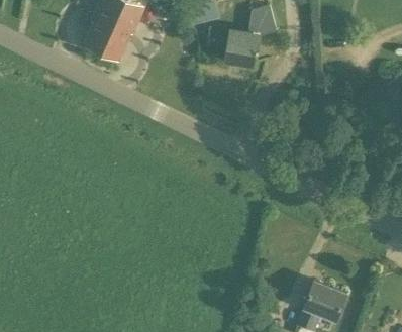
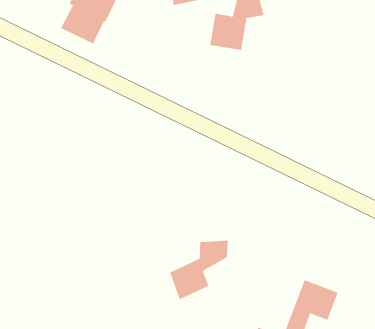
building: none -> [170,240,228,300]

